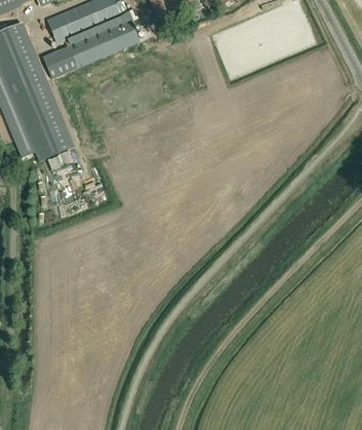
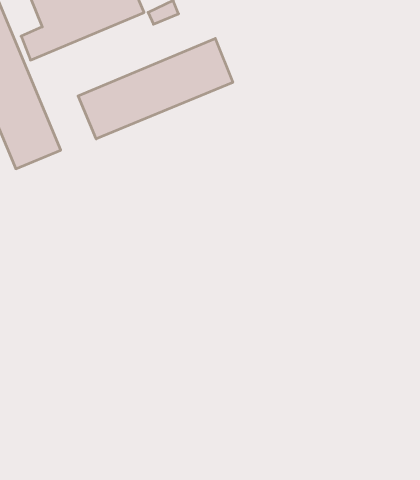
building: none -> [78,38,233,139]

